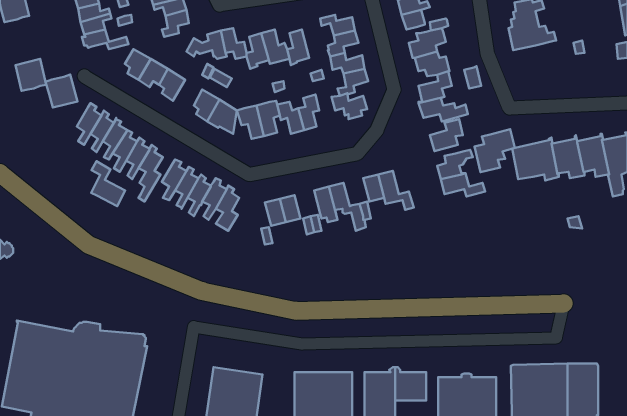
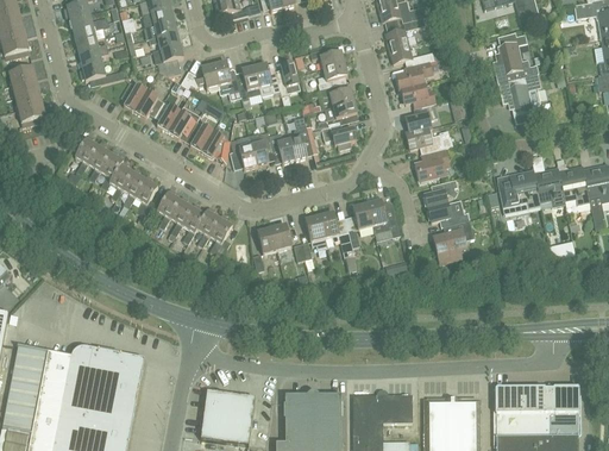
building: none -> [497,73,541,115]
building: none -> [168,105,200,137]
building: [46,74,77,108] -> [8,64,39,96]
building: [474,129,515,172] -> [435,219,475,261]
building: [91,161,125,206] -> none

